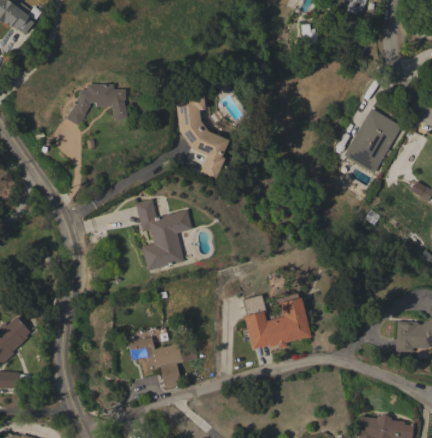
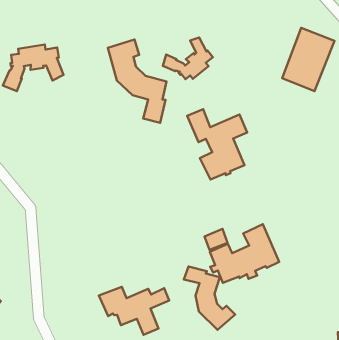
building: none -> [163,37,213,79]
building: [136,199,193,270] -> [187,109,247,179]
building: none -> [184,266,235,330]

